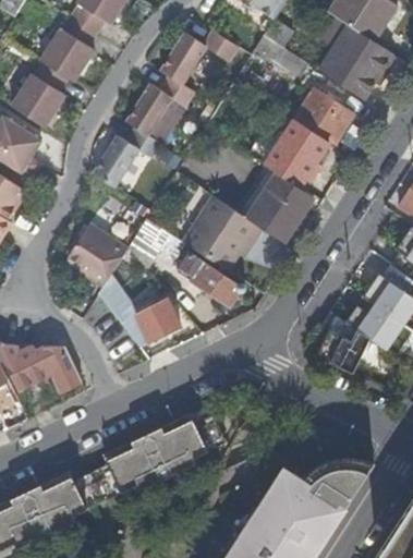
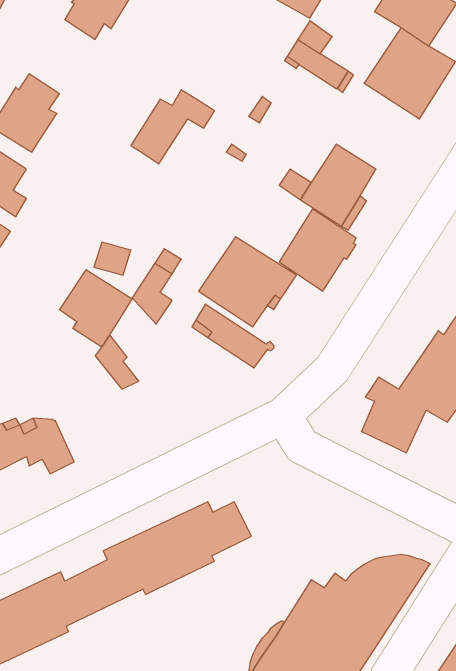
building: [40,17,97,82] -> none
building: [160,31,238,84] -> none
building: [293,88,353,144] -> none
building: [93,126,162,189] -> none
building: [119,307,178,344] -> none

